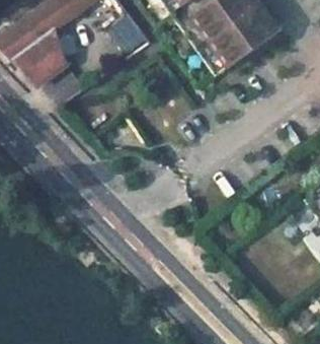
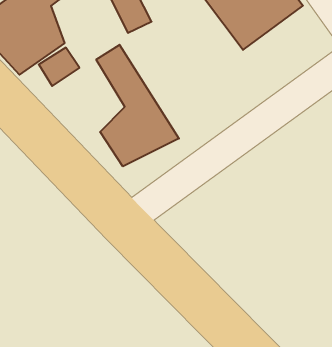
building: none -> [96,45,179,166]

